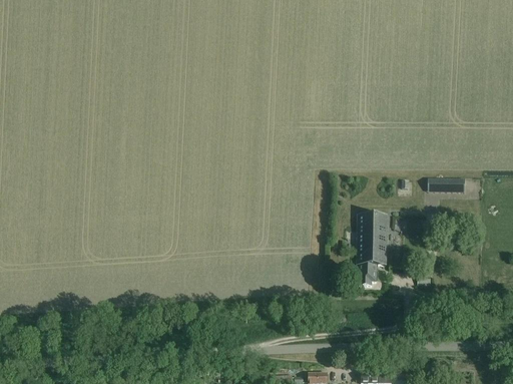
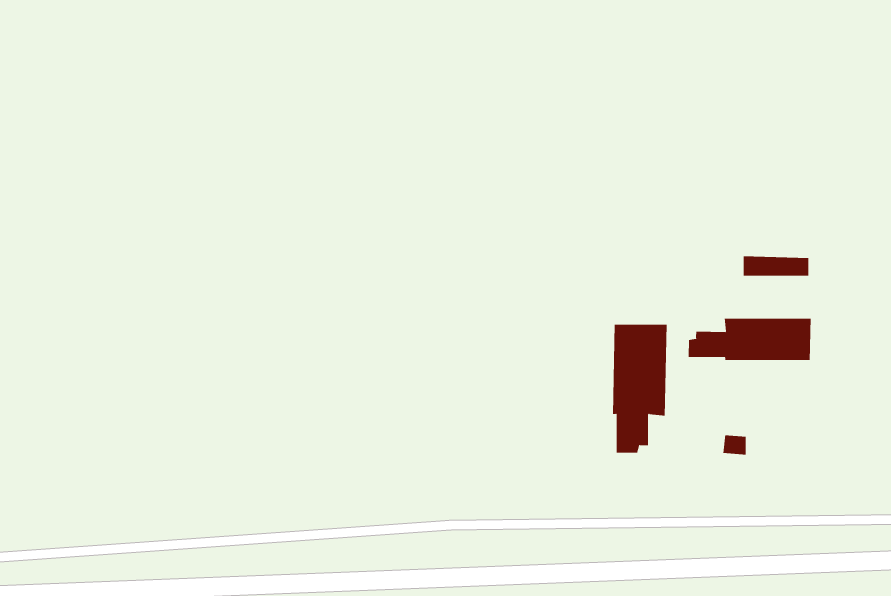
building: none -> [688,318,811,361]

